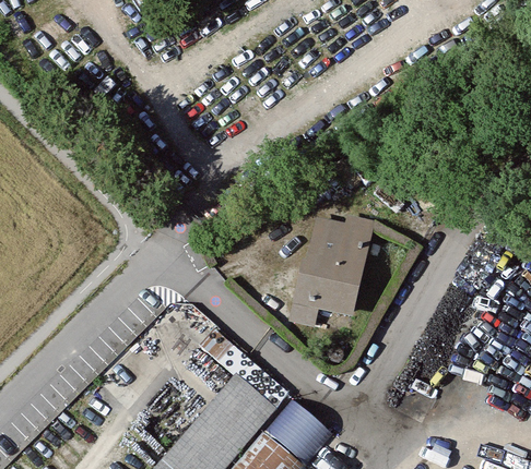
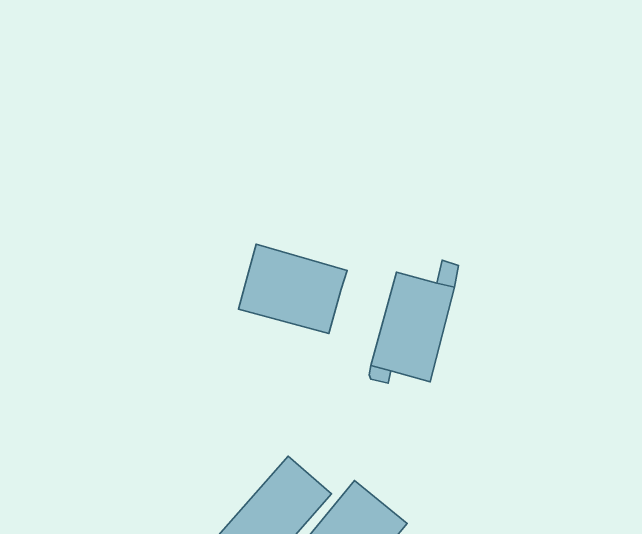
building: none -> [239,244,347,333]

